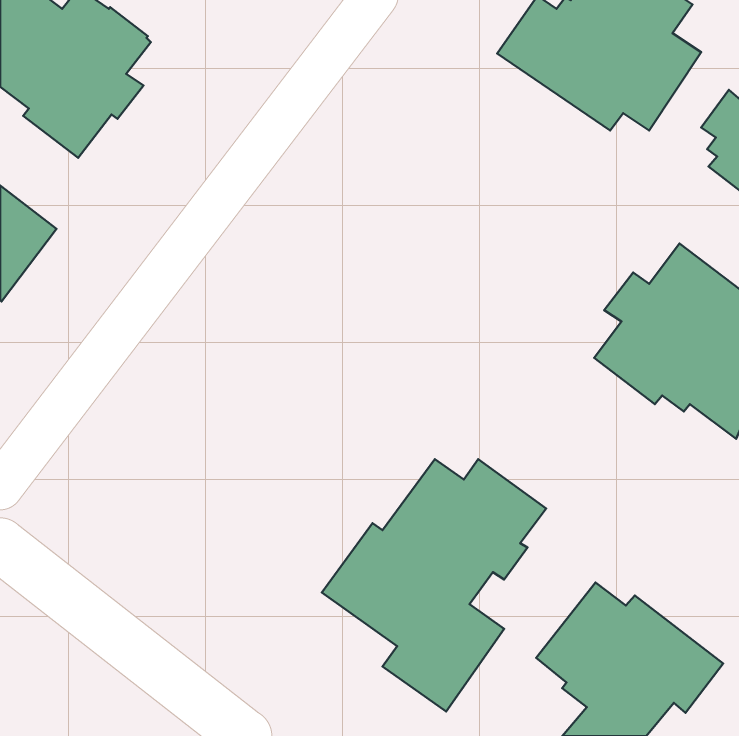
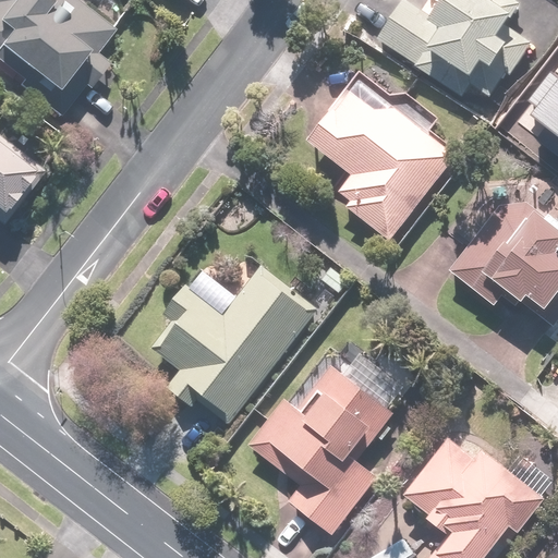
building: none -> [305,73,459,244]
building: none -> [154,264,317,422]

